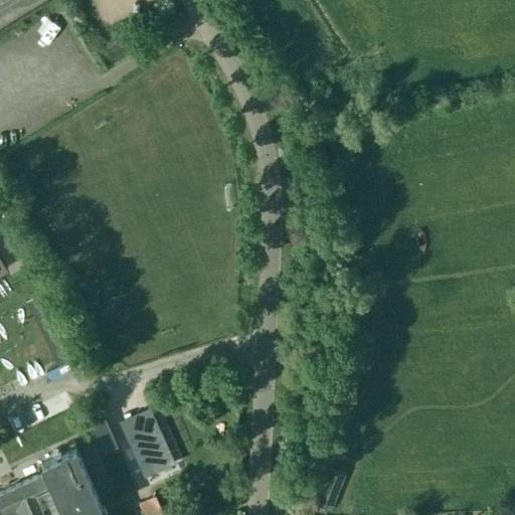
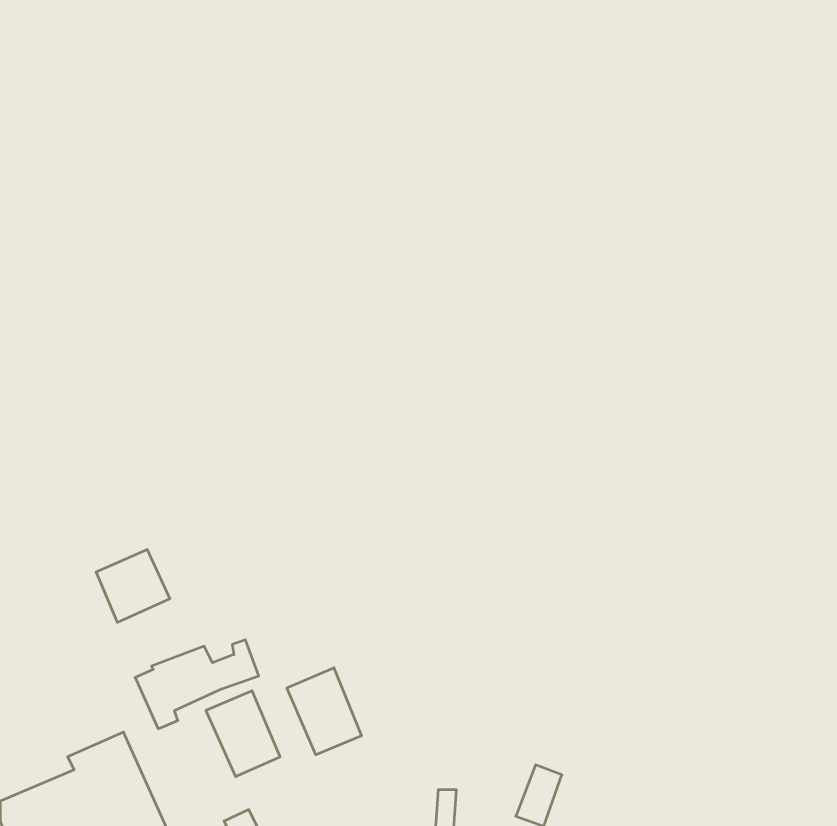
building: none -> [96,549,170,622]
building: none -> [287,668,362,755]

